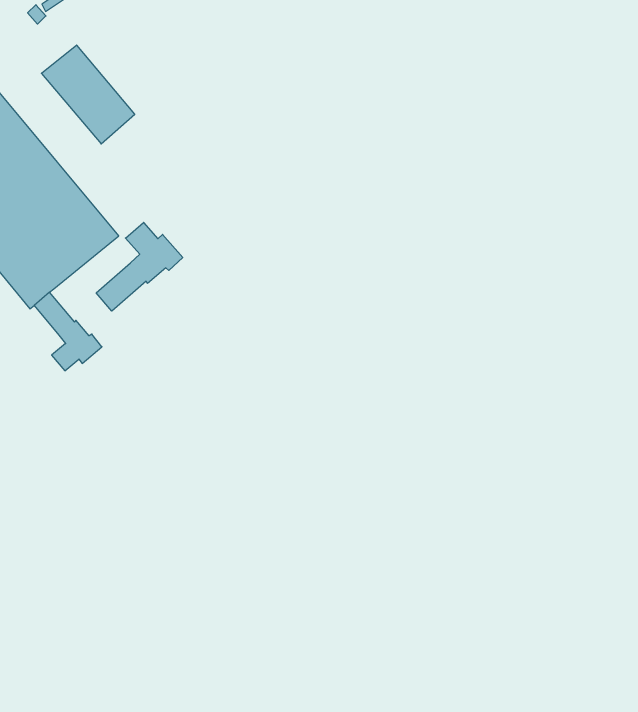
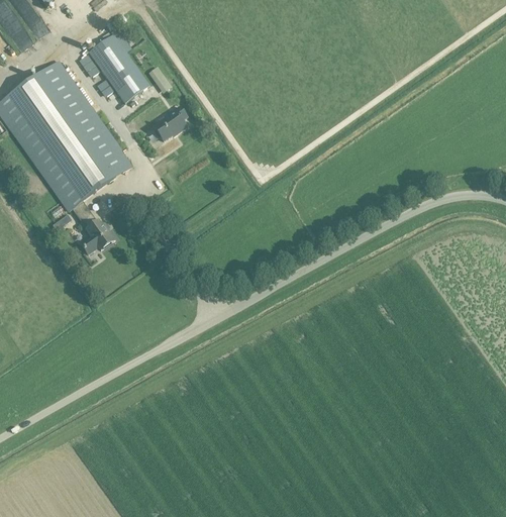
building: none -> [154,105,186,139]
building: [96,222,183,311] -> none

